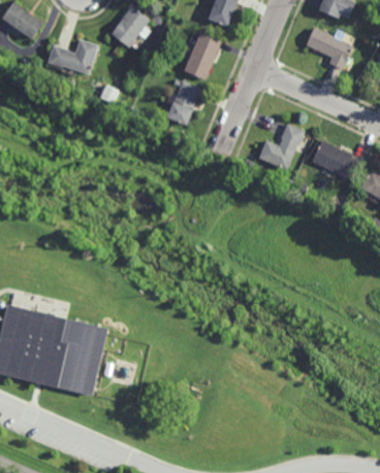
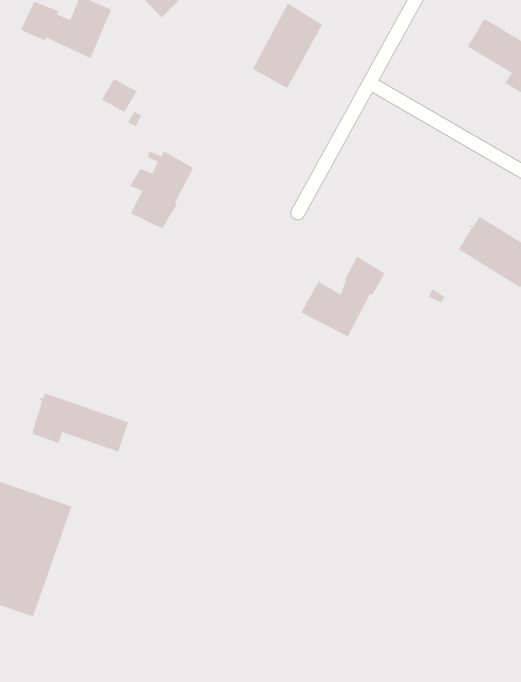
building: [164,79,200,125] -> [129,150,194,230]
building: [258,123,305,170] -> [300,256,385,338]
building: none -> [31,393,129,453]

